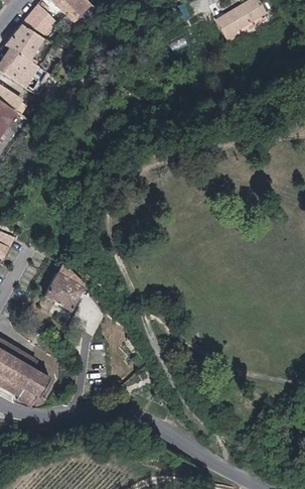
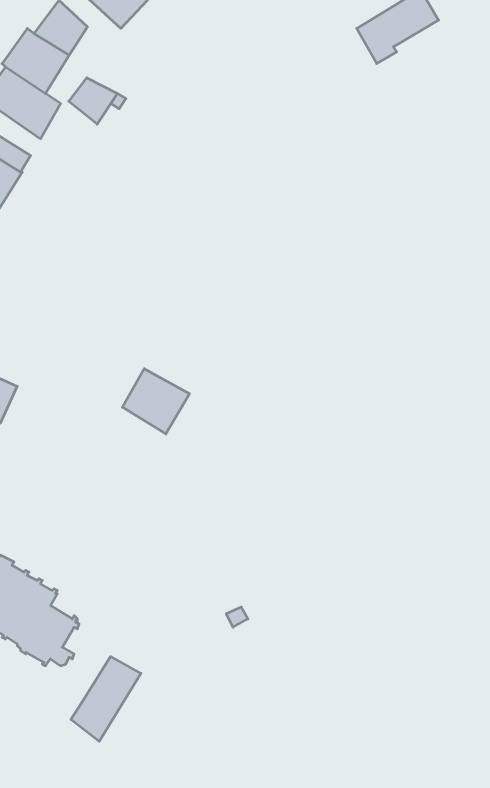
building: none -> [69,78,118,124]
building: [44,271,85,311] -> [122,369,189,434]
building: none -> [71,657,141,741]

